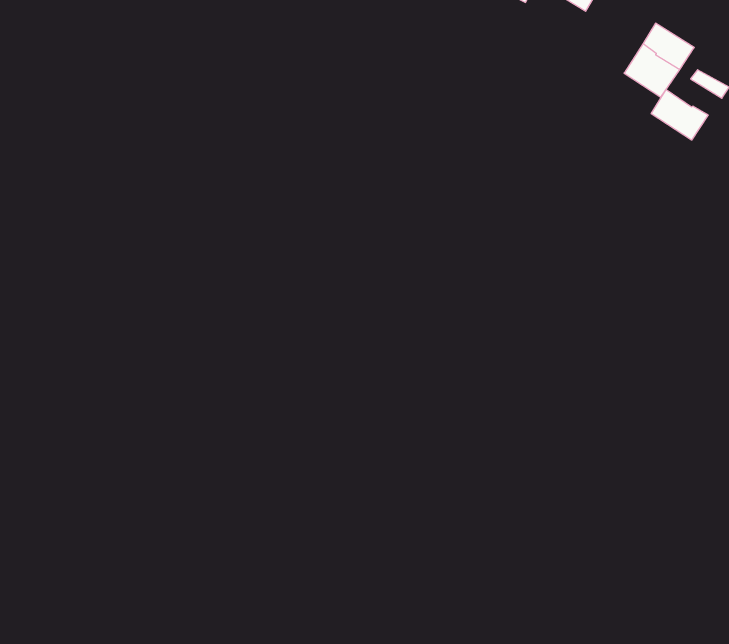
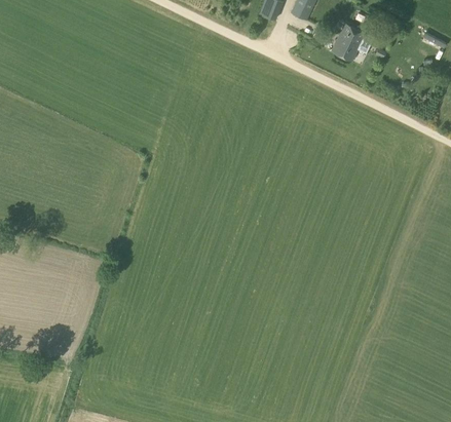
building: [651,89,708,140] -> none

